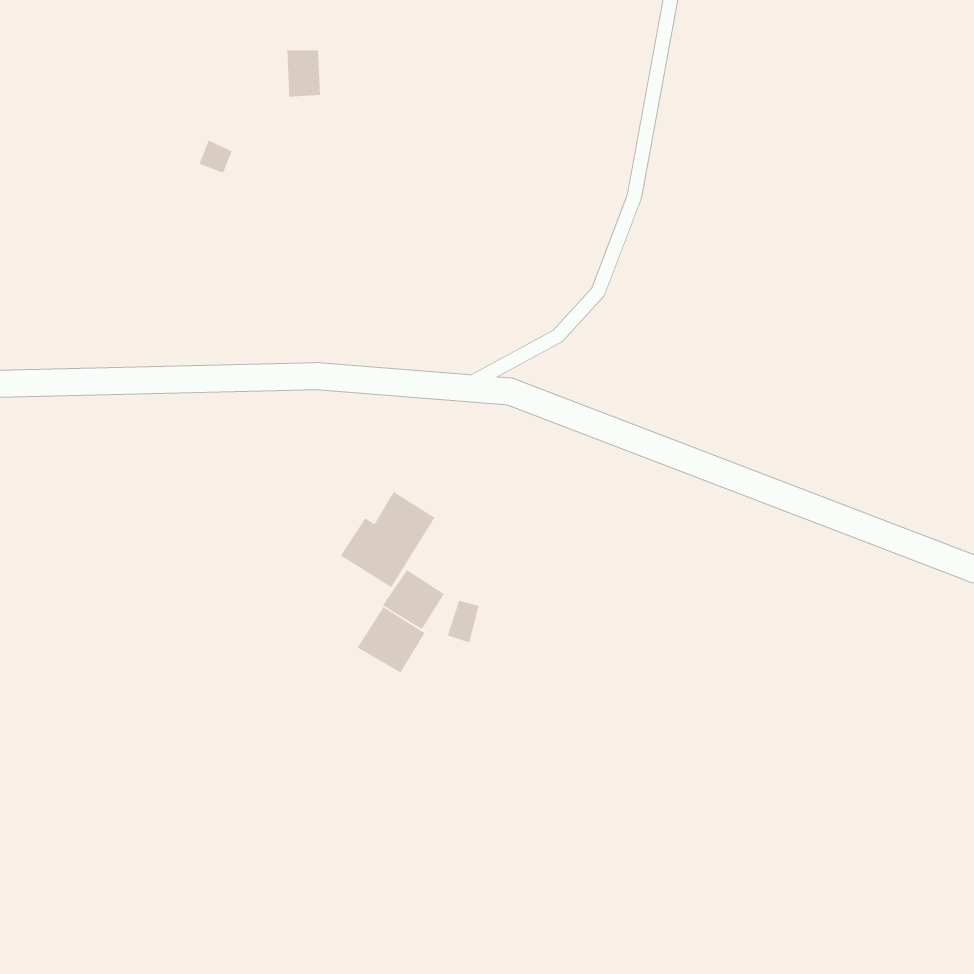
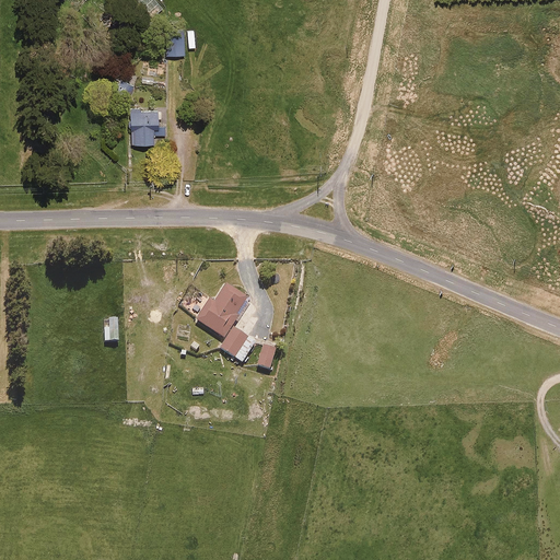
building: none -> [126,108,164,145]
building: [357,606,426,674] -> none

